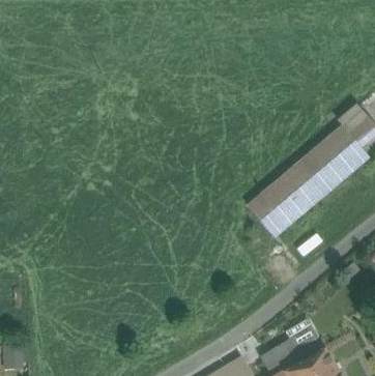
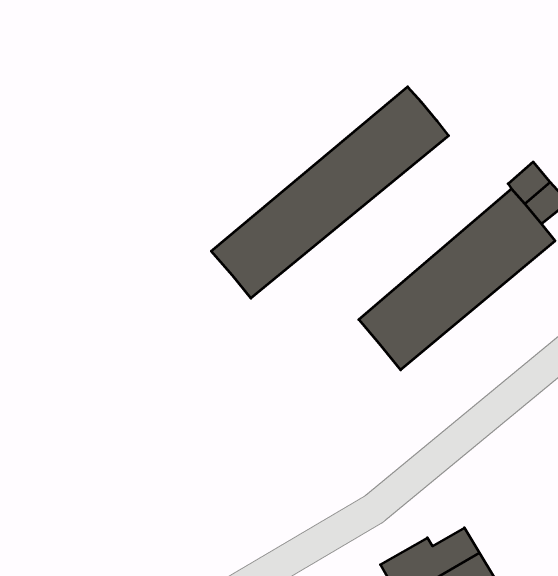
building: none -> [211,87,449,298]

